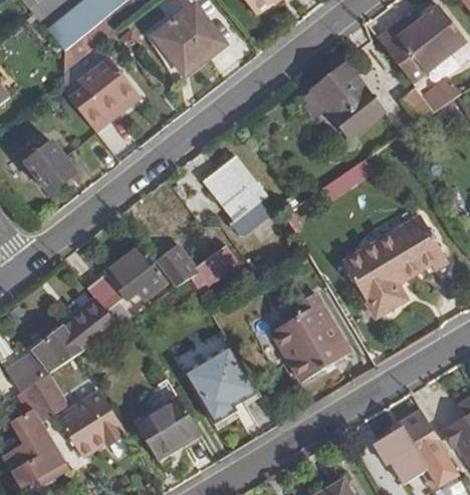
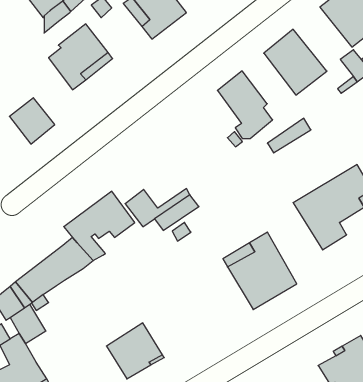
building: [207,157,269,233] -> [217,71,273,139]
building: [173,329,256,429] -> none
building: [62,391,125,455] -> none

